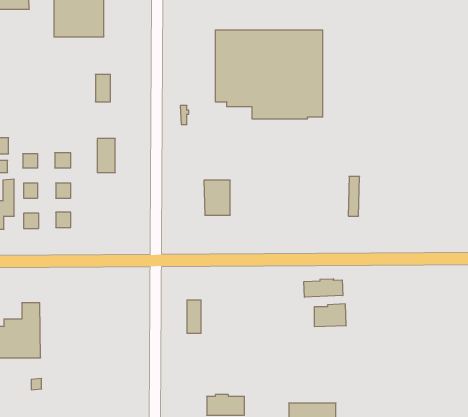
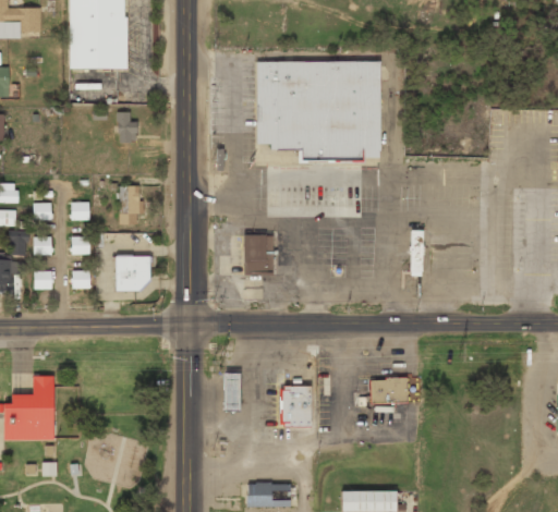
building: none -> [116,255,150,291]
building: [304,279,343,297] -> none
building: none -> [281,385,312,426]

